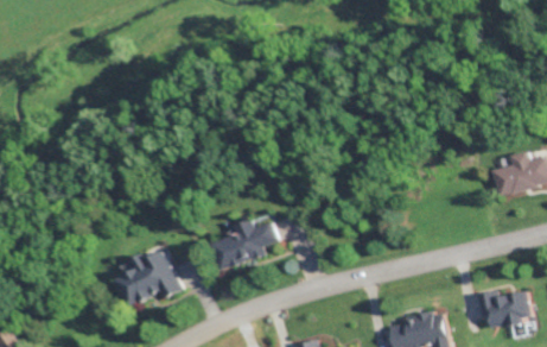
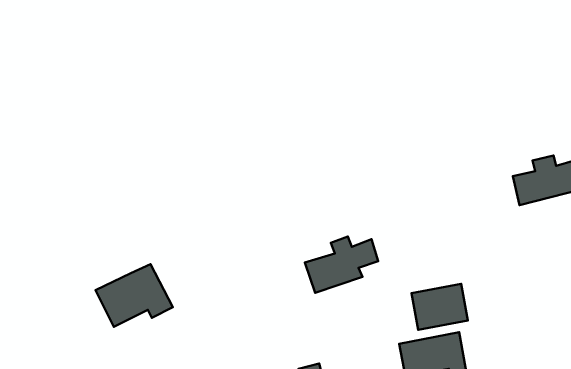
building: [212,217,279,269] -> [305,236,378,293]
building: [481,285,532,327] -> [412,284,468,330]

